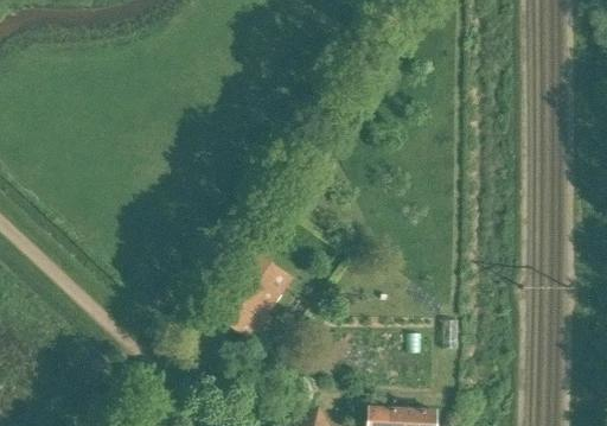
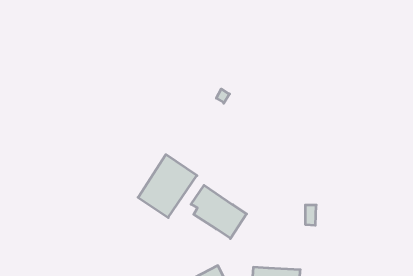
building: none -> [191,185,247,239]

